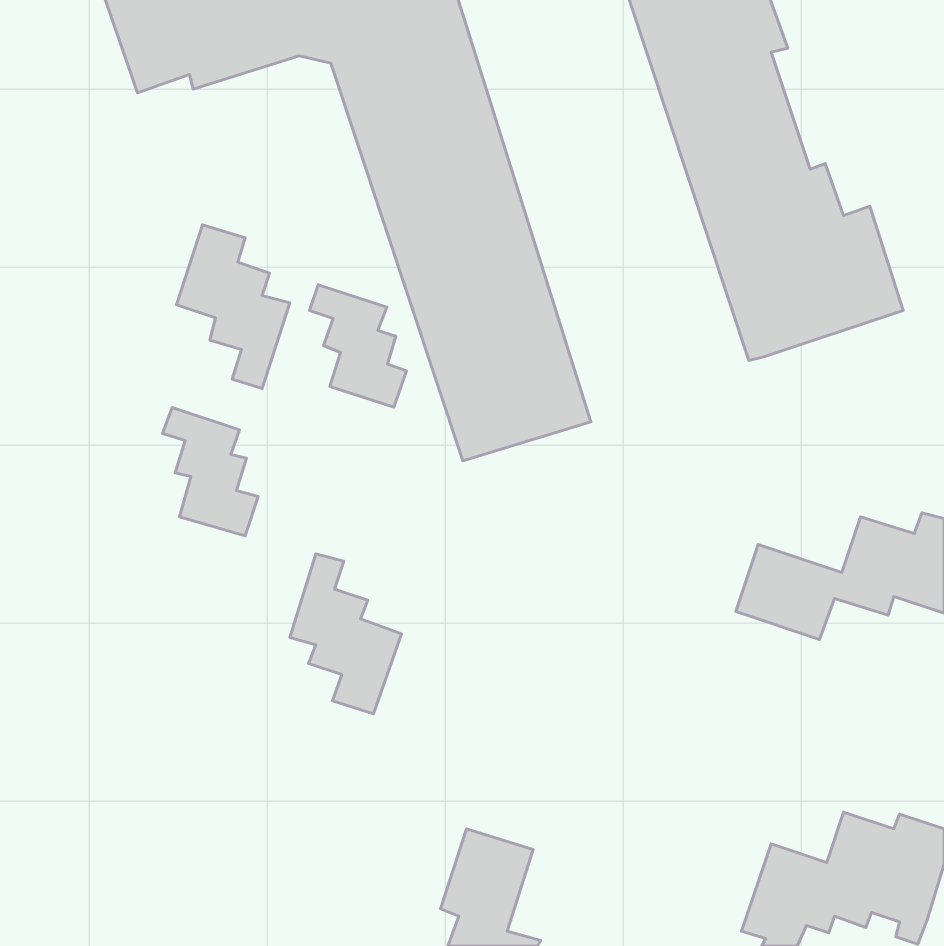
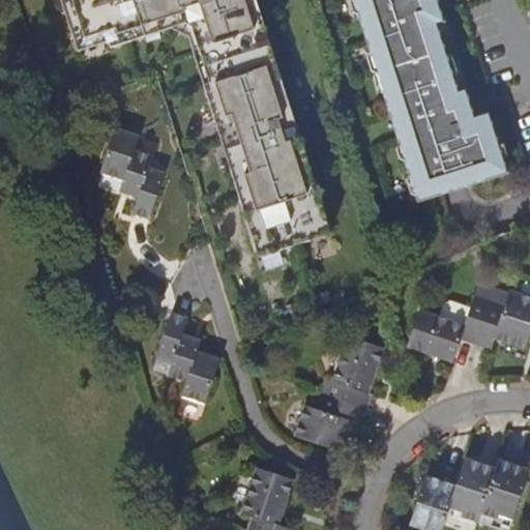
building: [309,285,407,407] -> none
building: [163,407,258,536] -> none
building: none -> [298,330,387,446]

